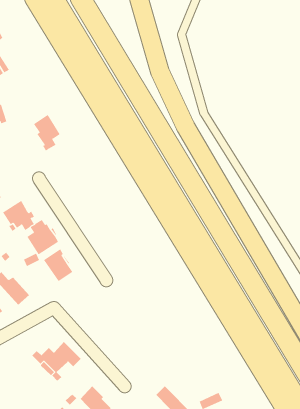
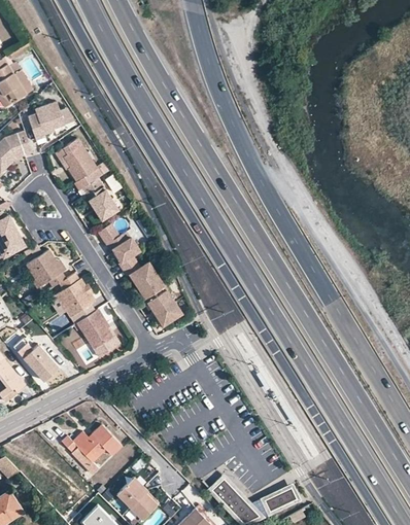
building: none -> [27,103,63,142]
building: none -> [82,178,118,220]
building: none -> [98,224,180,325]

